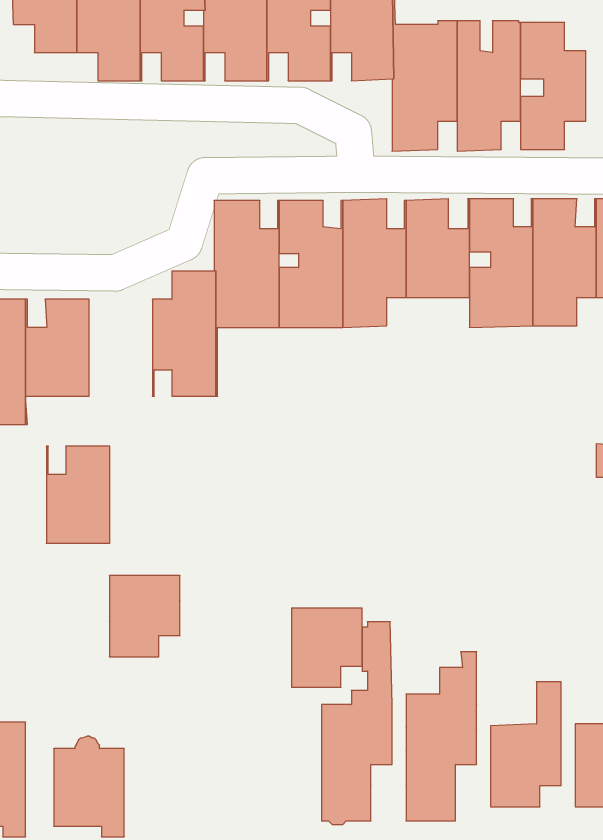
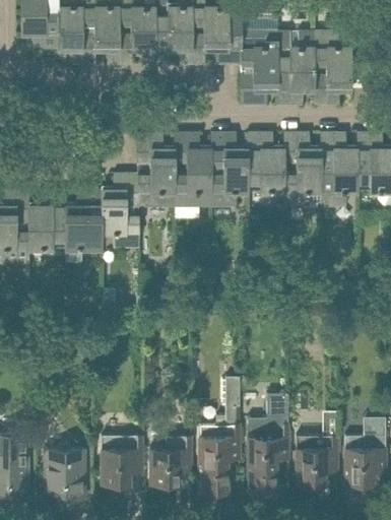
building: [46,446,110,543] -> [65,191,102,247]
building: [109,576,180,657] -> [102,437,142,483]
building: [292,608,362,687] -> [150,438,191,483]

